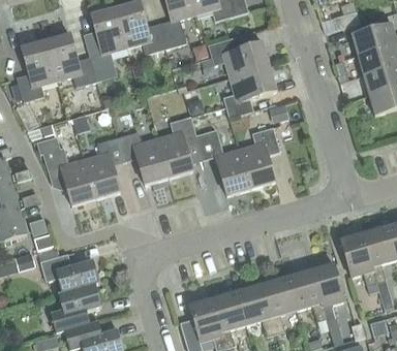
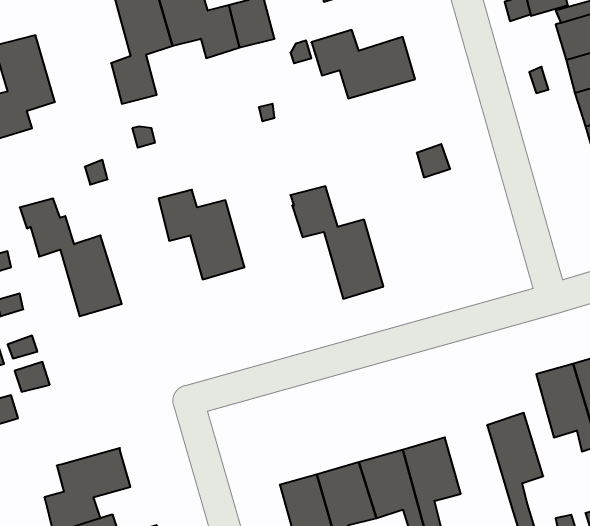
building: [45,33,96,87] -> none
building: [223,66,276,117] -> none
building: [157,105,197,177] -> none
building: [239,126,279,188] -> none
building: [84,136,124,198] -> none
building: [40,253,99,292] -> none
building: [286,269,326,321] -> none

